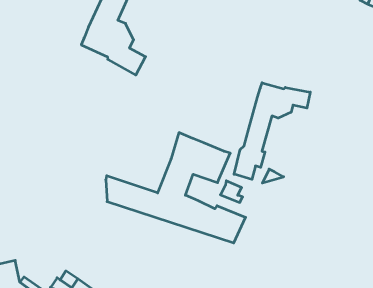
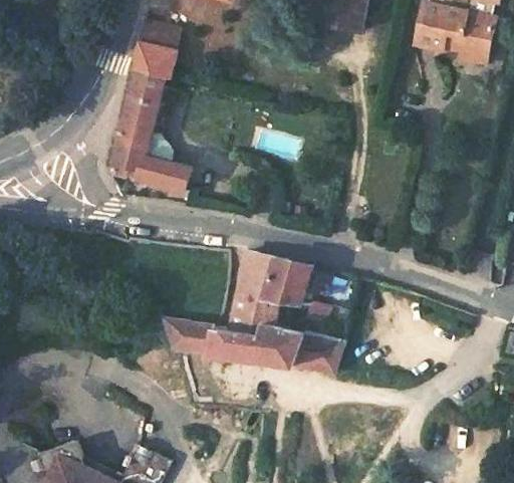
building: [234,83,310,179] -> none

